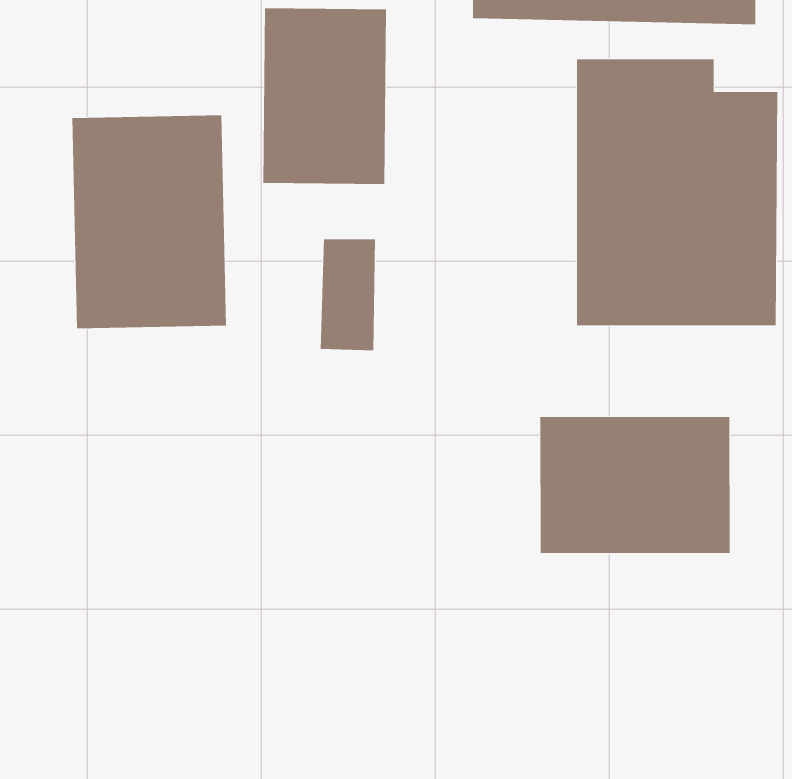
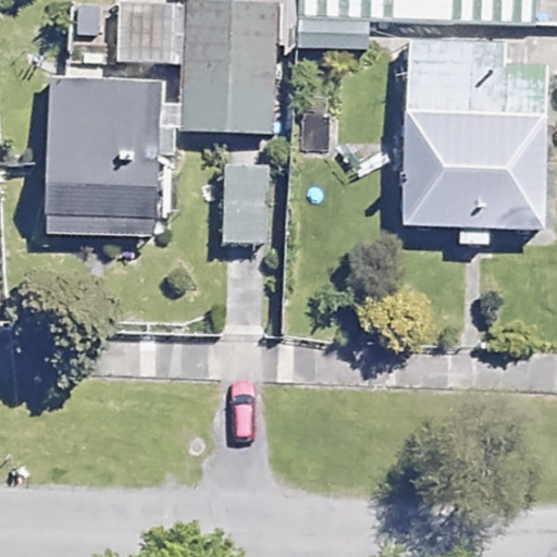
building: [540,416,730,554] -> none

